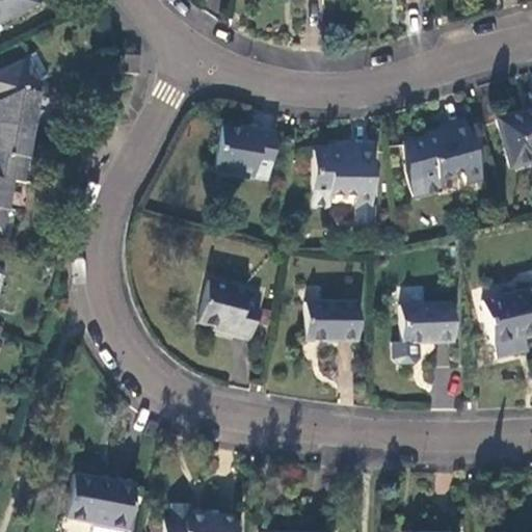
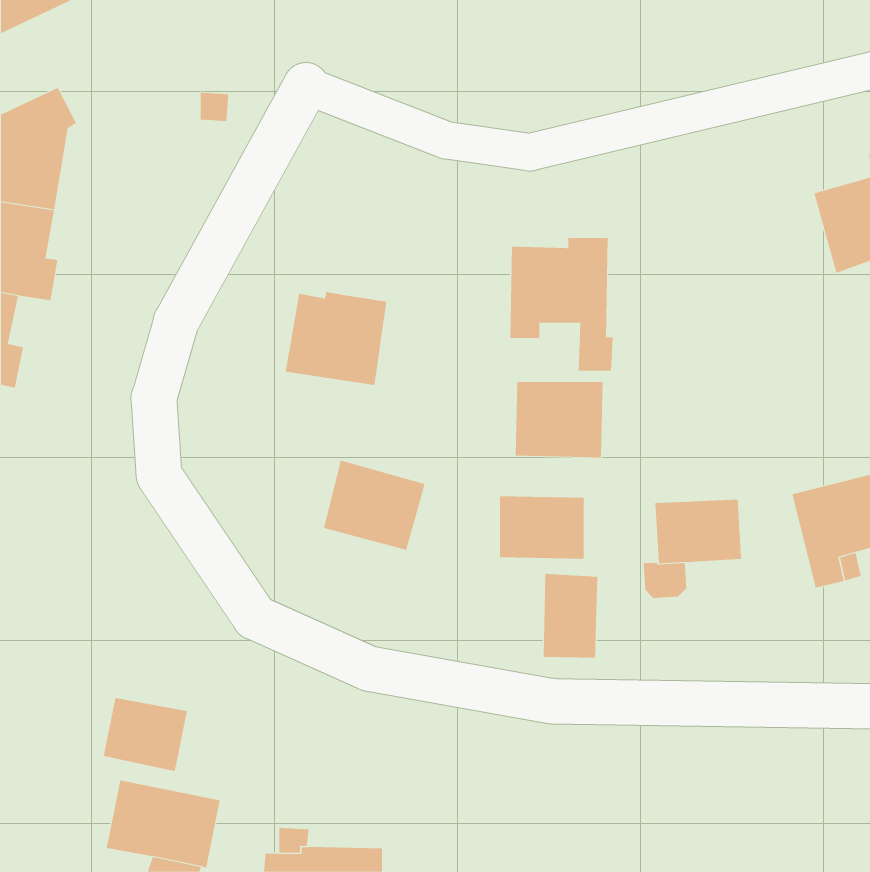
building: [409,118,480,192] -> none
building: [214,124,276,181] -> [285,291,387,385]
building: none -> [515,381,603,458]
building: none -> [543,573,598,658]
building: none -> [103,697,188,772]

